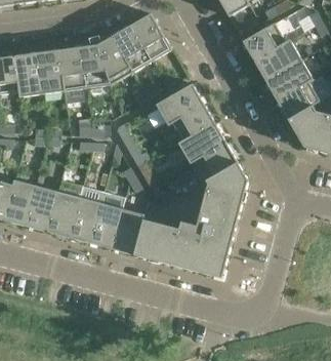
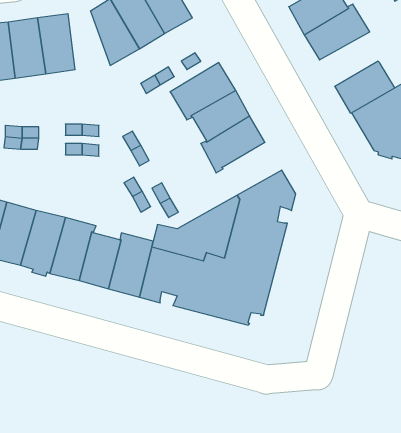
building: [80,44,111,87] -> none
building: [264,59,313,99] -> none
building: [193,141,237,179] -> none

